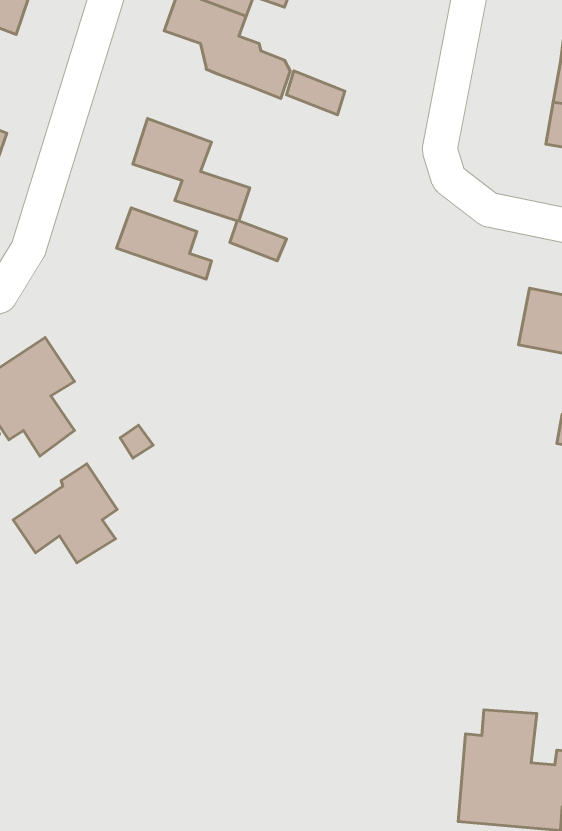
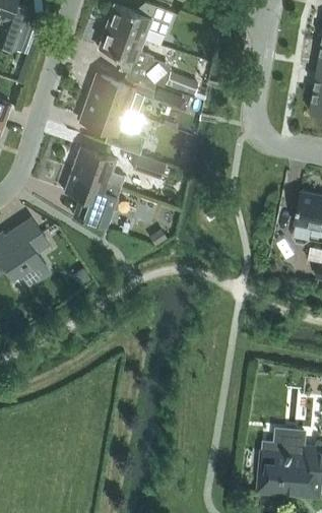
building: none -> [88,73,163,115]
building: none -> [63,170,121,229]
building: [13,464,117,563] -> none

